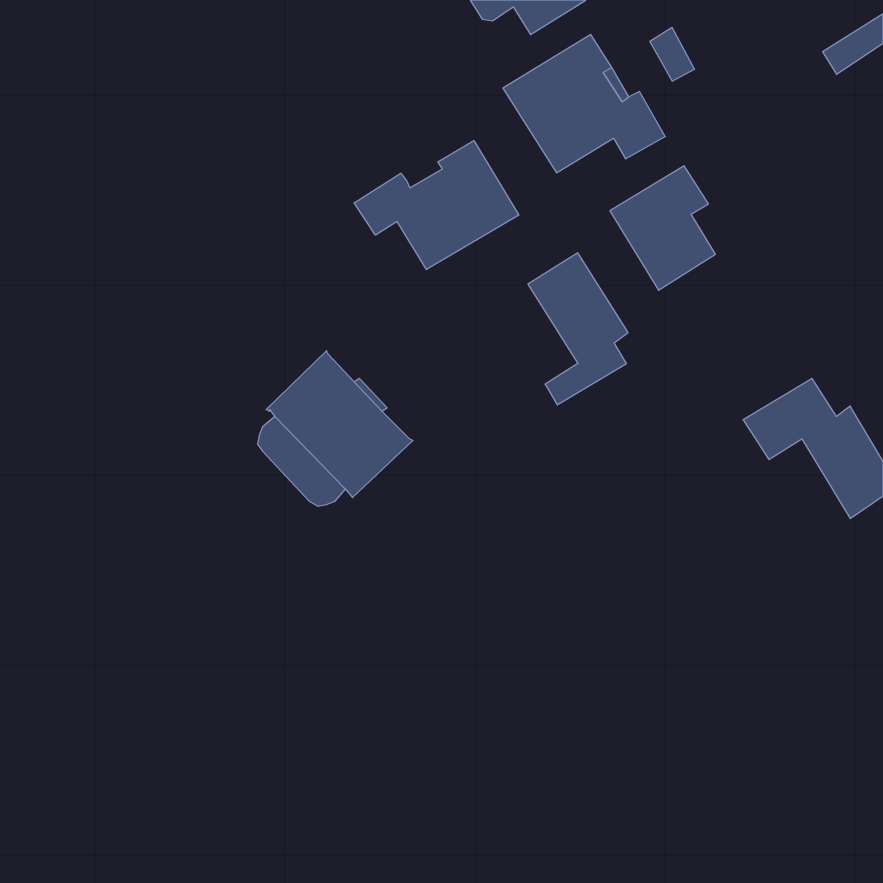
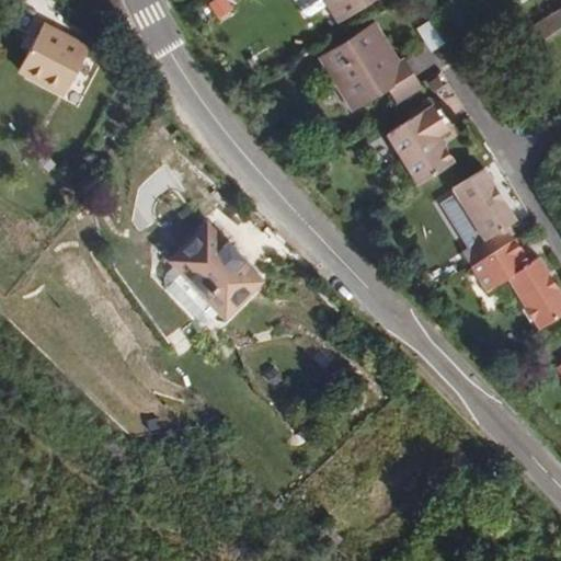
building: none -> [19,23,89,95]
building: [354,141,519,270] -> none
building: [528,253,628,405] -> [453,170,516,266]

